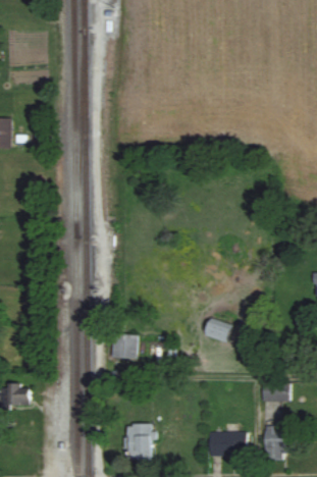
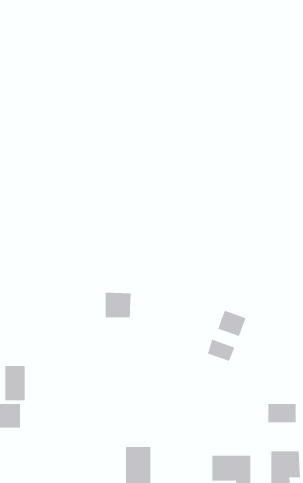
building: none -> [218,310,246,337]
building: [112,333,138,358] -> [105,292,132,318]
building: none -> [5,365,25,401]

